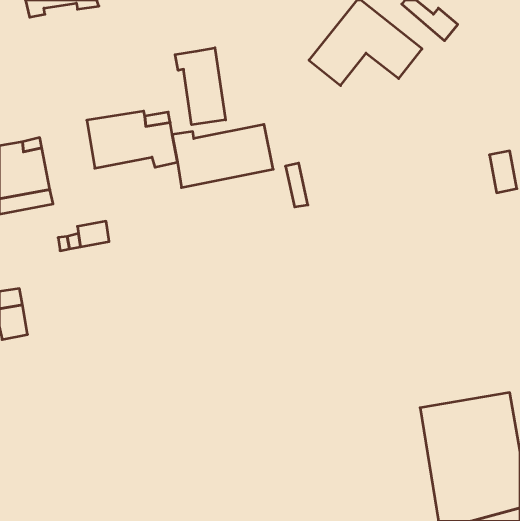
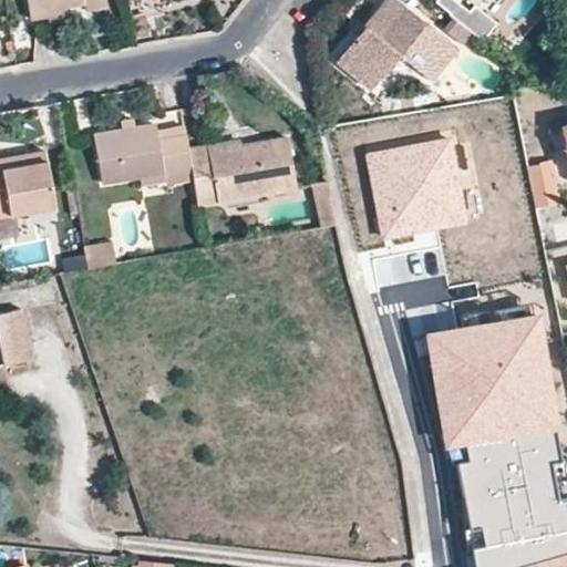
building: [175,48,226,125] -> none
building: none -> [368,136,468,238]
building: none -> [425,312,554,445]

